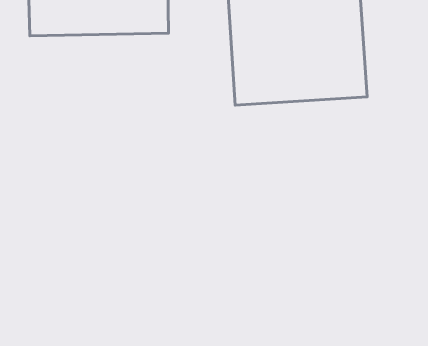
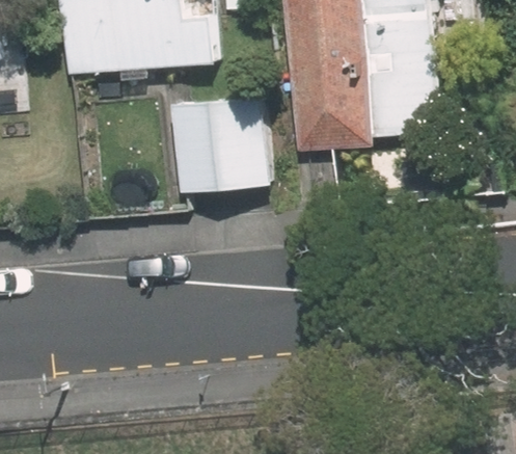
building: none -> [174,98,272,194]

